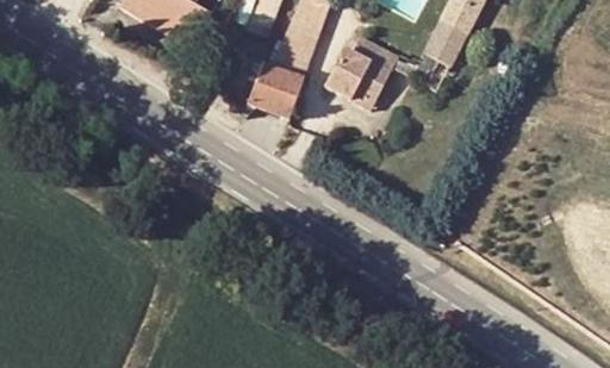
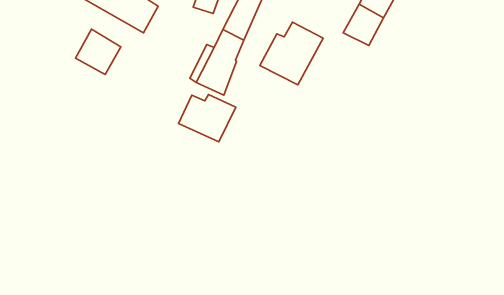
building: none -> [75,29,121,74]
building: none -> [178,95,236,142]

